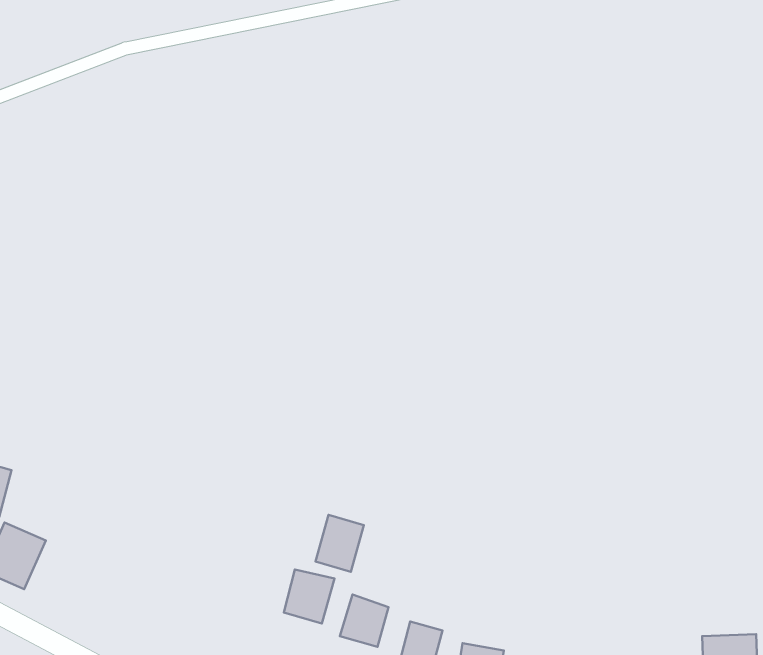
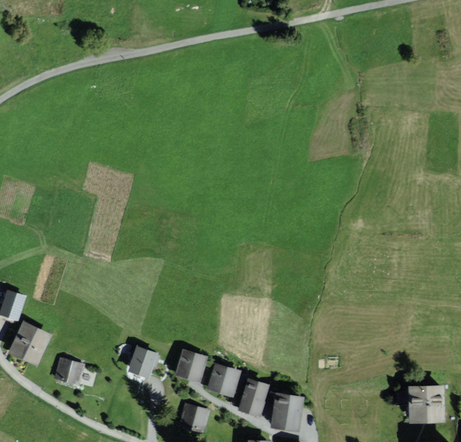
building: [315,515,364,572] -> none
building: none -> [131,350,157,376]
building: none -> [56,361,82,386]

